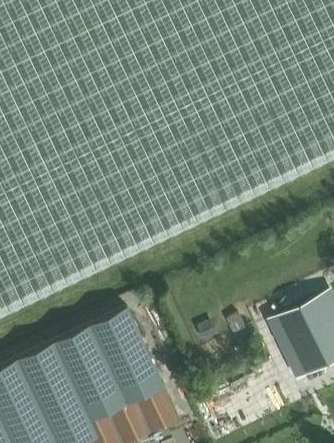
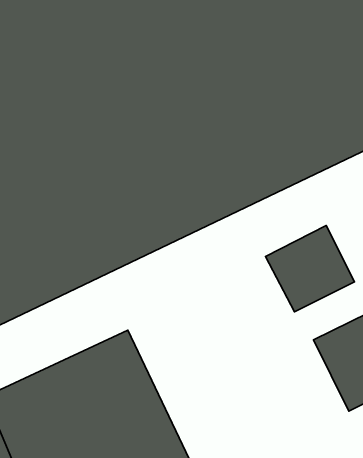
building: none -> [265,226,354,312]

